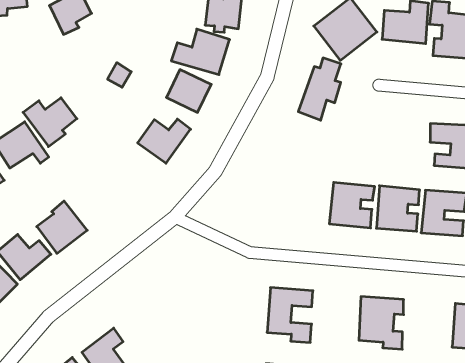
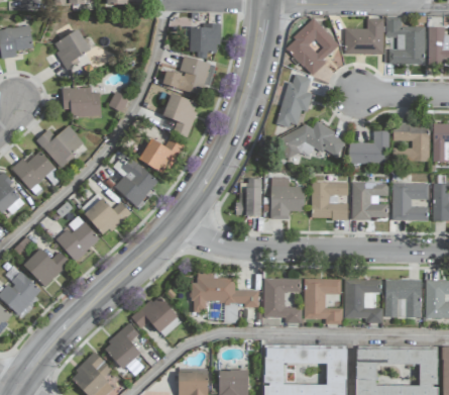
building: none -> [63,88,100,117]
building: none -> [284,120,346,159]
building: none -> [349,130,387,164]
building: none -> [114,158,158,207]
building: none -> [270,177,305,219]
building: none -> [238,179,261,216]
building: none -> [80,193,130,236]
building: none -> [191,274,258,311]
building: none -> [304,279,342,324]
building: none -> [131,294,182,337]
building: none -> [384,279,421,318]

